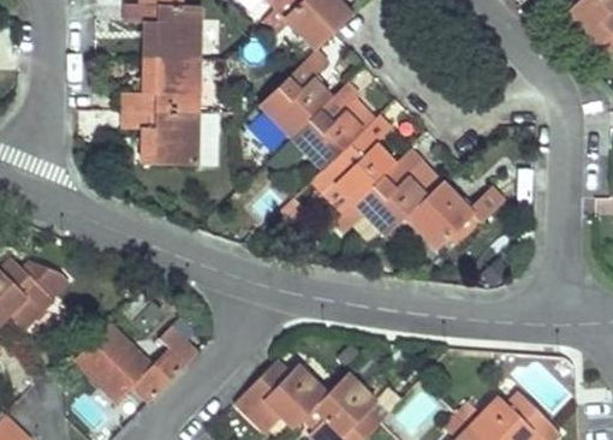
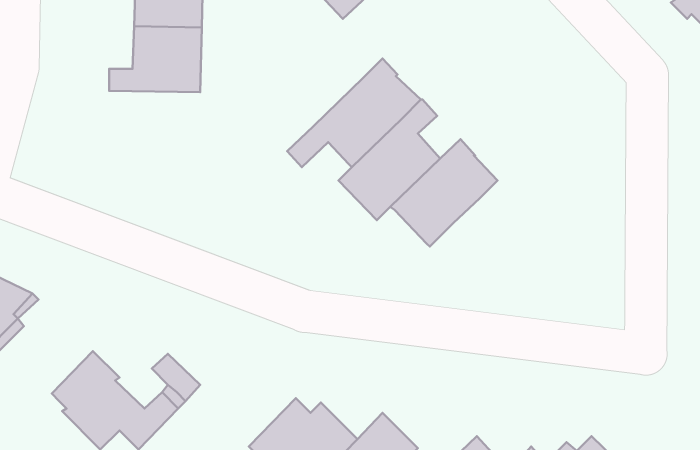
building: [258,50,332,138] -> none
building: [123,109,198,165] -> none
building: [405,182,504,250] -> none

